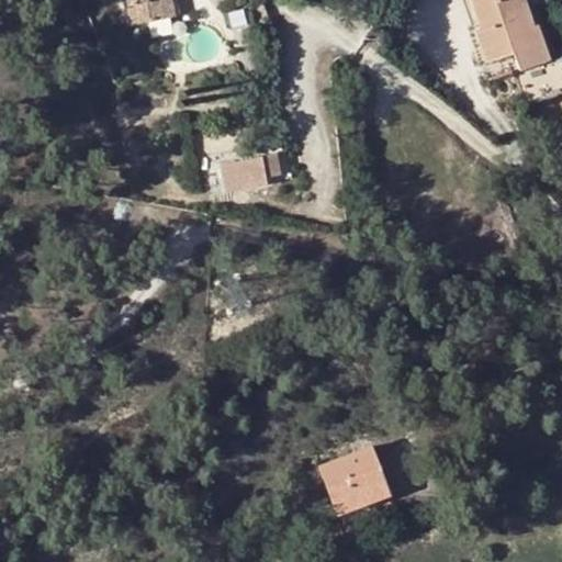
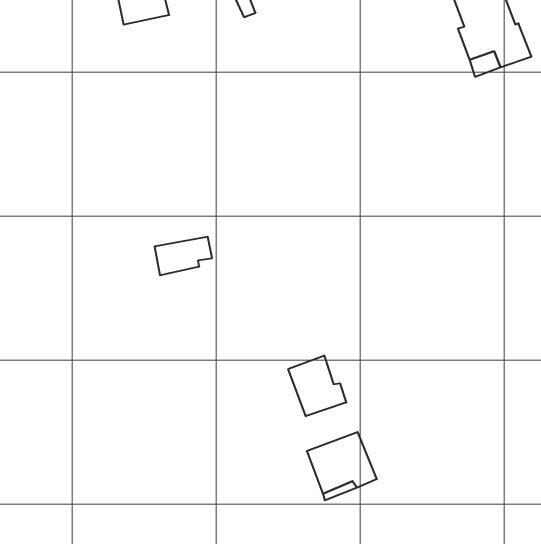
building: [221,154,280,193] -> [155,237,212,275]
building: none -> [288,355,346,416]

